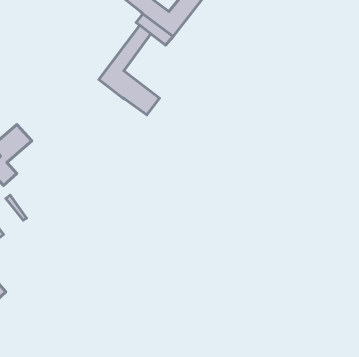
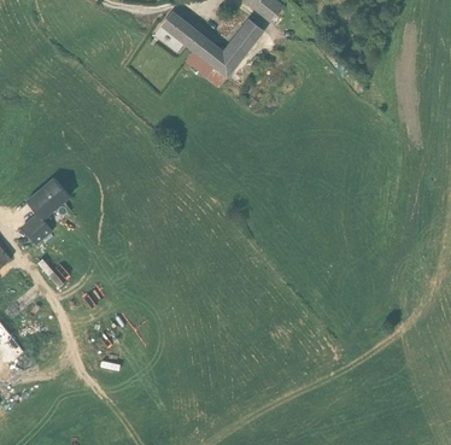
building: [99,25,160,115] -> none

